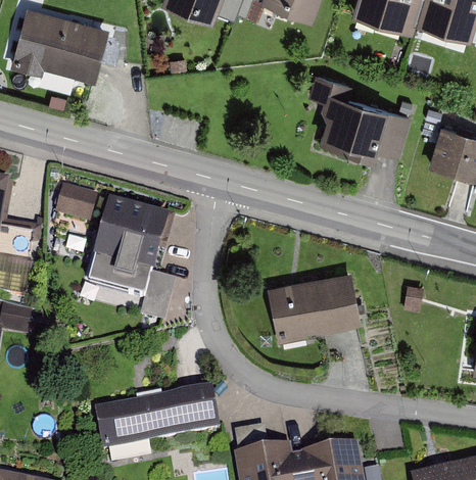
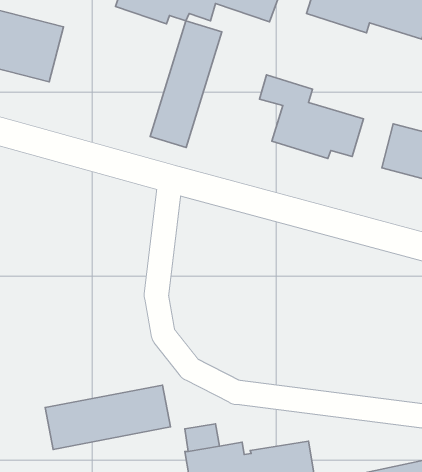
building: none -> [150,21,222,148]
building: [56,190,94,224] -> none
building: [85,202,174,318] -> none
building: [269,274,360,342] -> none

